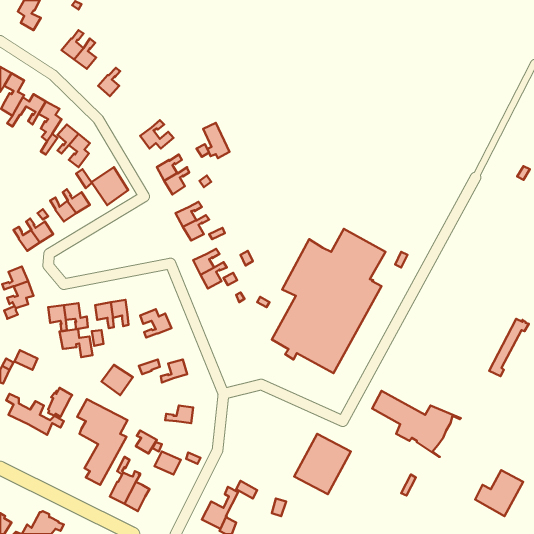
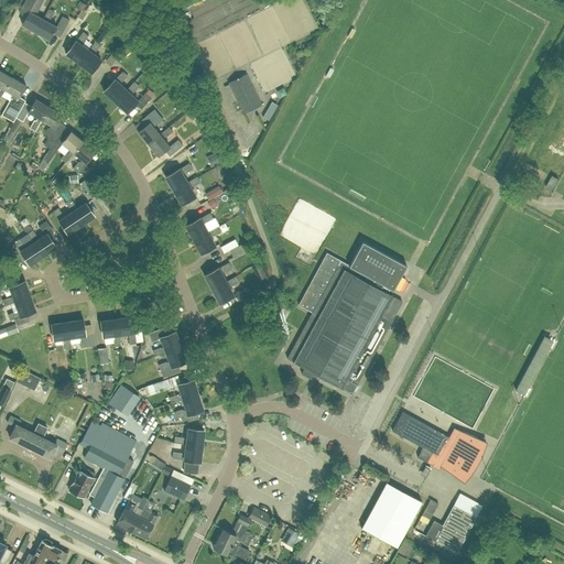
building: none -> [35,9,69,40]
building: none -> [116,82,151,113]
building: none -> [138,109,163,143]
building: [203,123,229,158] -> [228,76,256,113]
building: [91,167,128,205] -> none
building: none -> [158,346,186,378]
building: [60,329,92,357] -> none
building: none -> [174,394,203,422]
building: [48,388,72,417] -> [69,466,95,497]
building: none -> [172,444,202,474]
building: [294,434,351,494] -> [361,482,421,546]
building: [475,470,523,516] -> [425,505,476,553]

